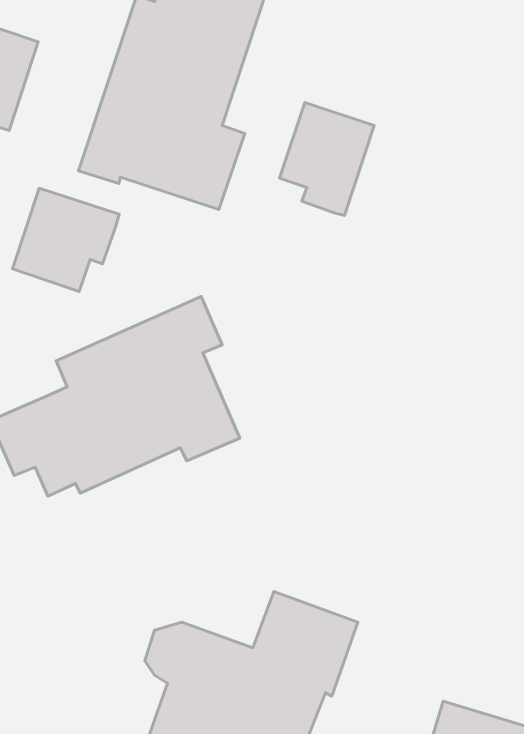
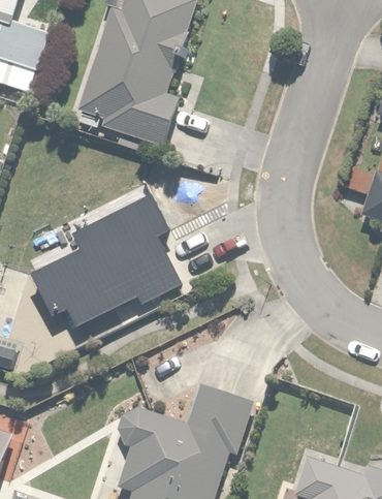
building: [279,103,374,216] -> none
building: [13,188,119,291] -> none

